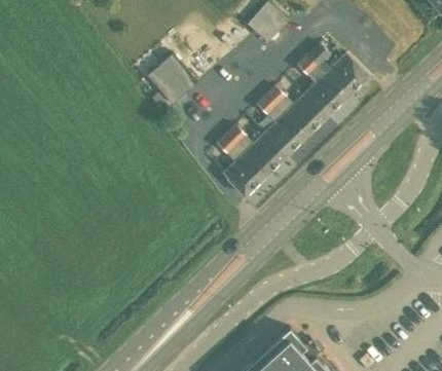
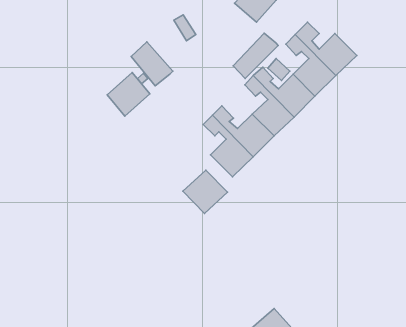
building: none -> [233,33,278,78]
building: none -> [107,72,150,116]
building: none -> [183,170,227,213]

